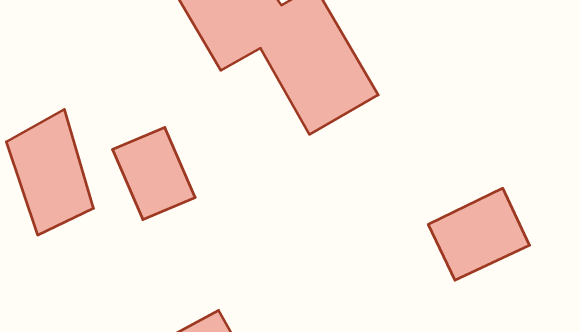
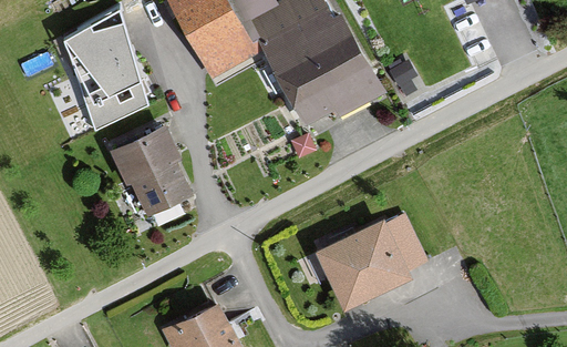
building: [6,109,94,235] -> [64,12,147,132]
building: [428,188,530,280] -> [317,217,413,305]

